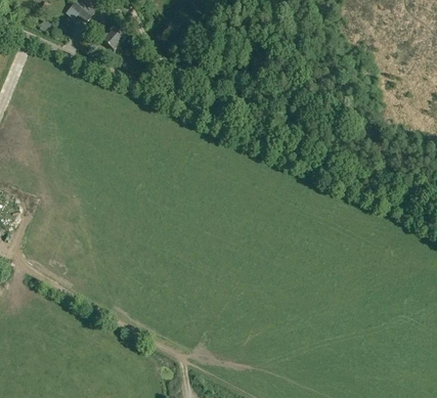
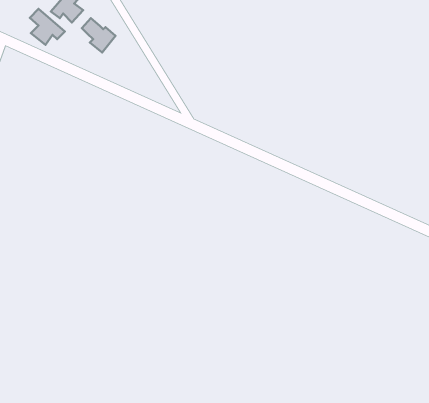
building: none -> [30,9,65,45]

